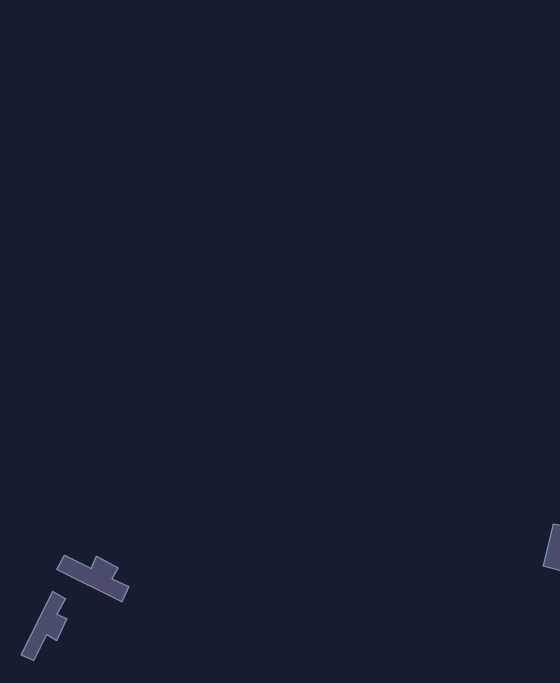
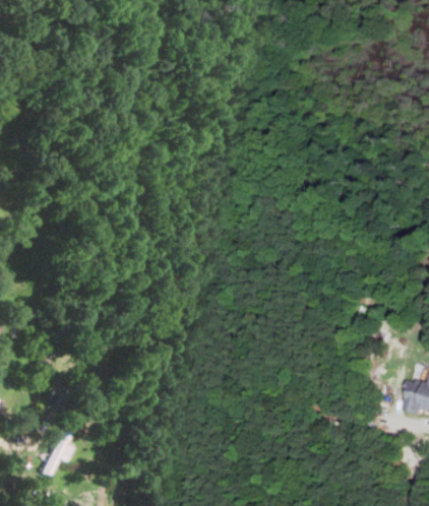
building: [57,555,129,602] -> none

